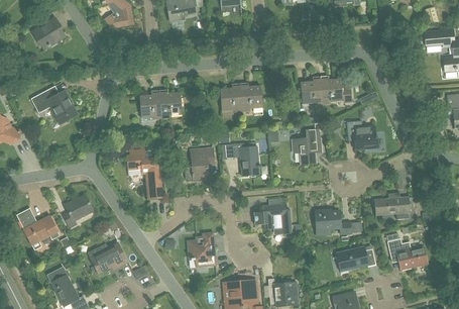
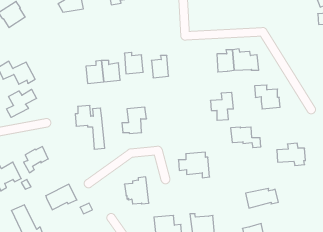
building: [239,82,262,108] -> [124,52,143,74]
building: none -> [7,89,37,117]
building: [227,141,260,175] -> none
building: [314,208,351,233] -> [231,127,261,148]
building: [385,231,427,271] -> none

